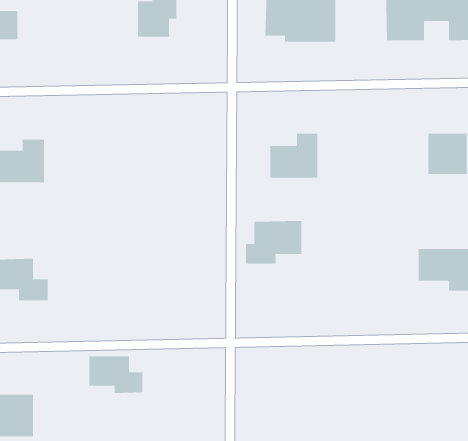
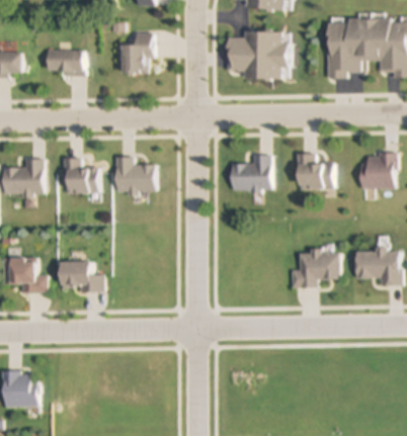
building: none -> [46,50,84,75]
building: none -> [296,154,335,189]
building: none -> [114,157,156,193]
building: none -> [64,158,100,193]
building: [245,220,302,264] -> [292,251,339,287]
building: [88,356,143,394] -> [58,261,103,292]

